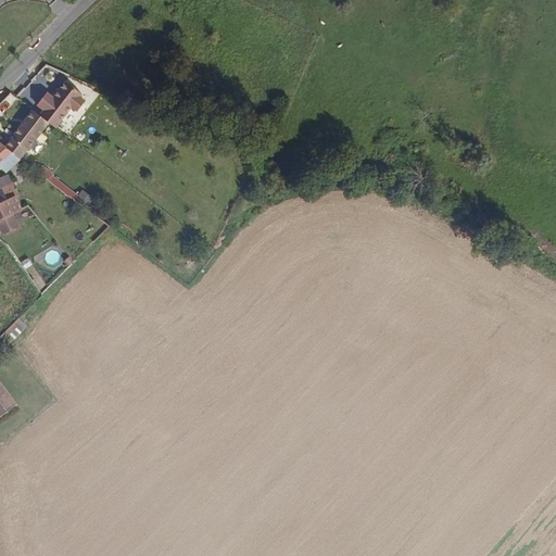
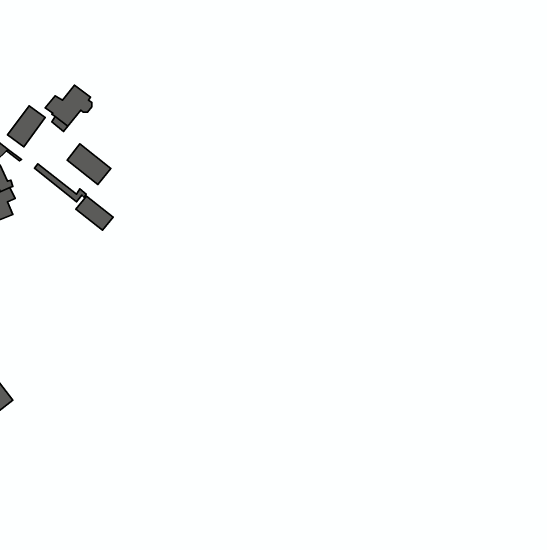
building: none -> [67,144,111,184]
building: none -> [76,196,113,230]

